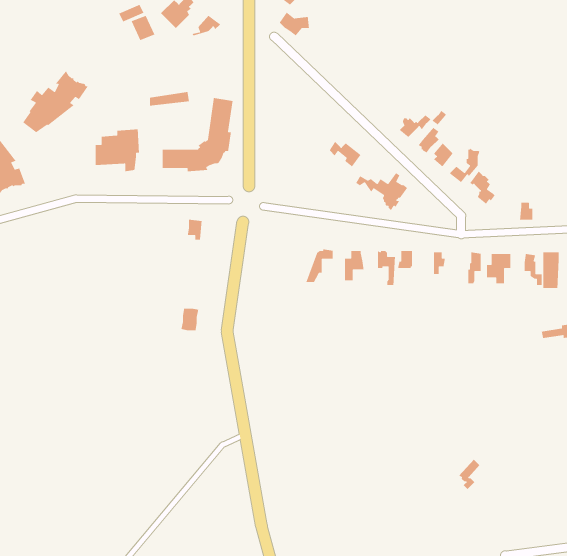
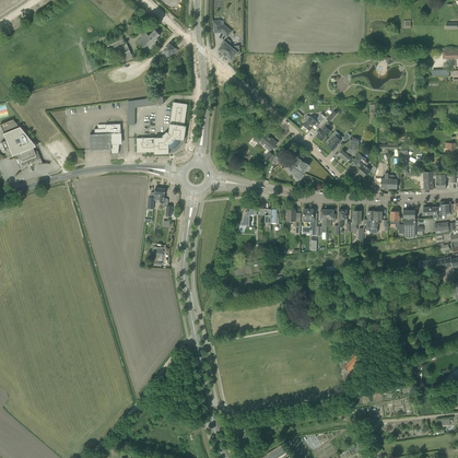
building: [22,70,89,133] -> none

